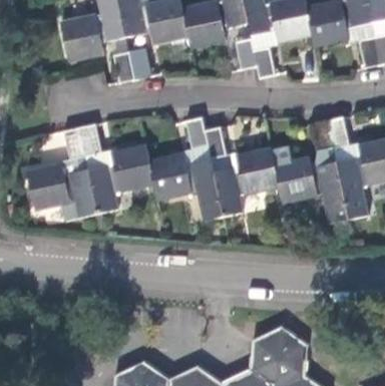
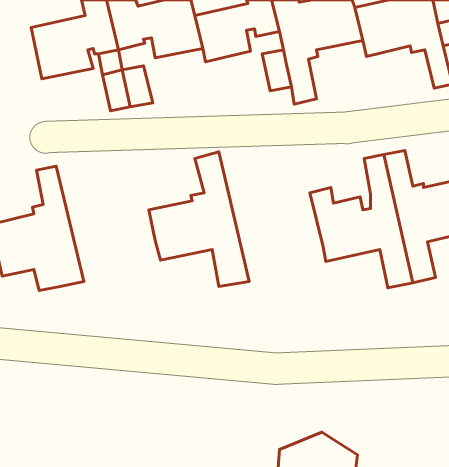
building: [78,123,153,214] -> none
building: [205,124,281,214] -> none

